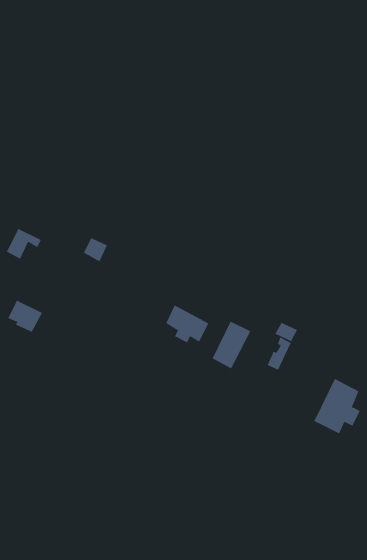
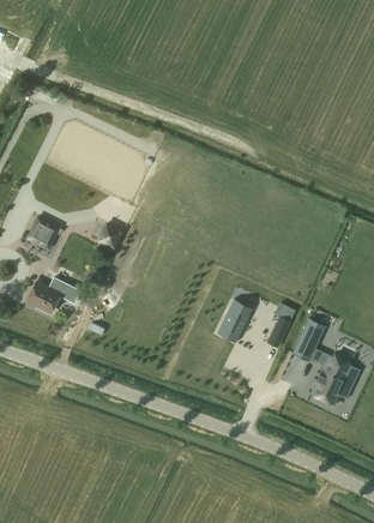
building: [165,305,209,343] -> none
building: none -> [292,318,325,359]

